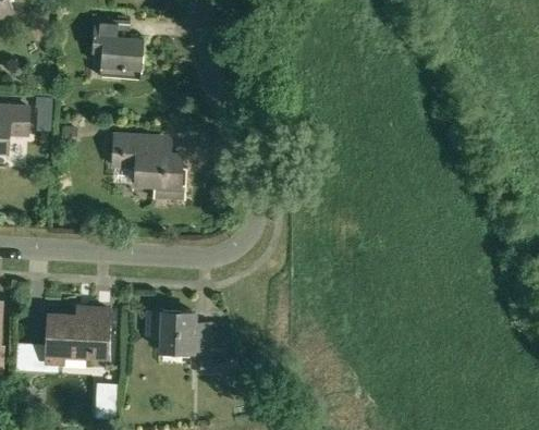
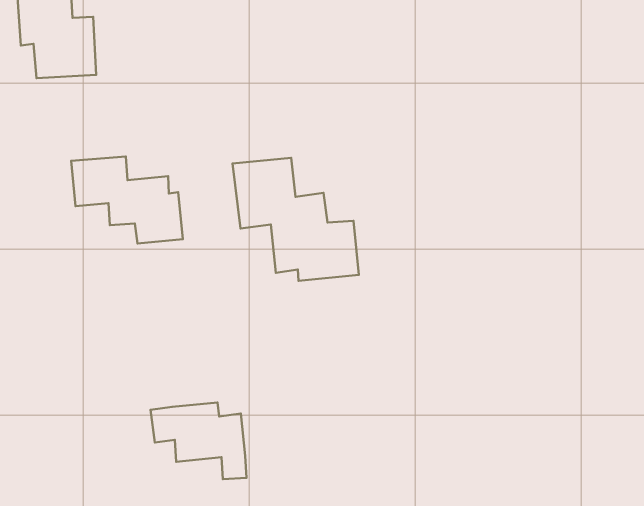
building: none -> [233,158,359,281]
building: [45,307,108,361] -> none

